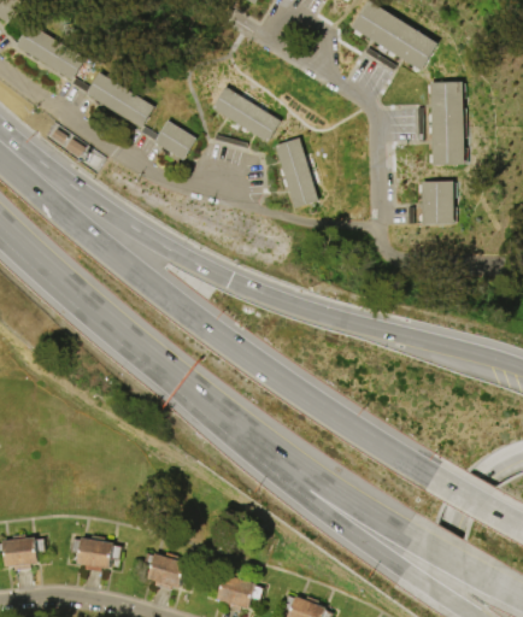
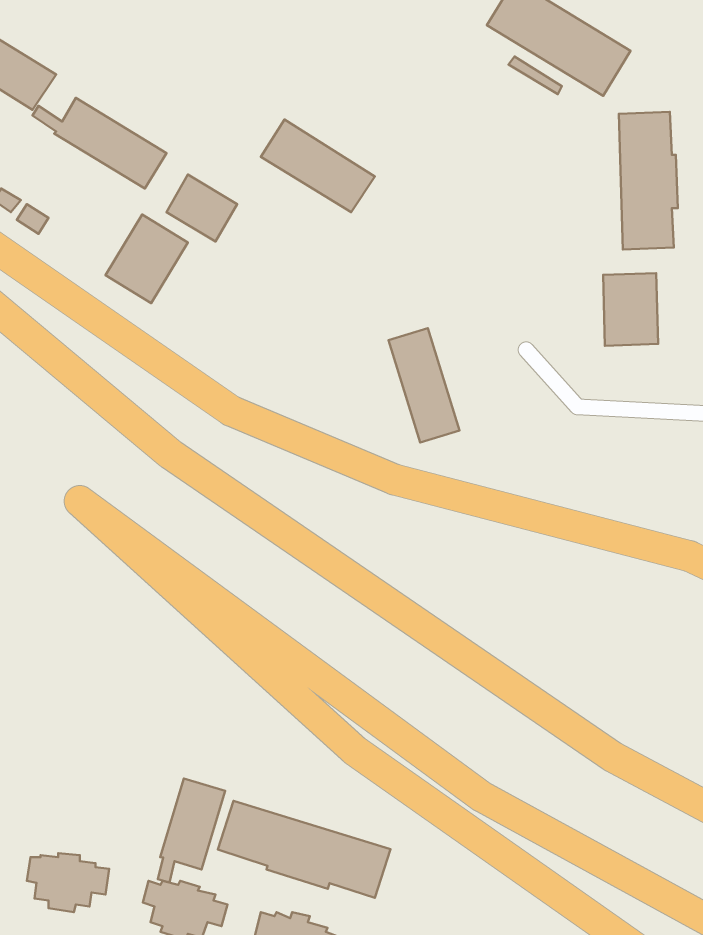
building: [275,137,318,207] -> [389,328,459,442]
building: none -> [106,215,188,303]
building: none -> [158,779,225,883]
building: none -> [218,801,391,898]

